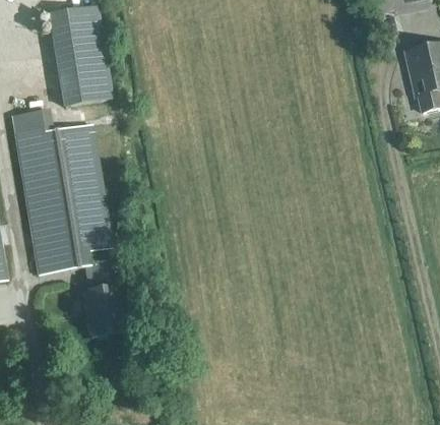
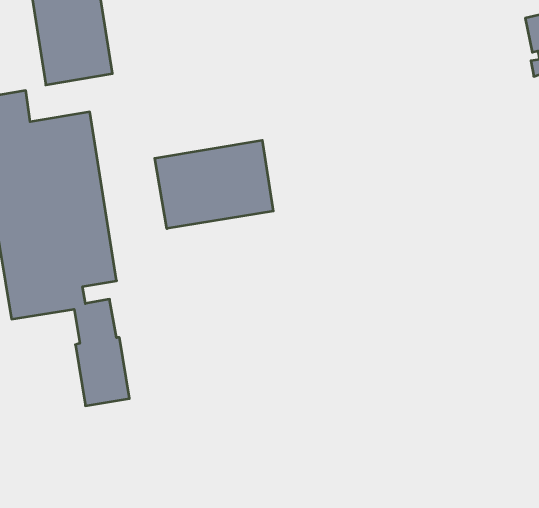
building: none -> [155,140,273,229]

